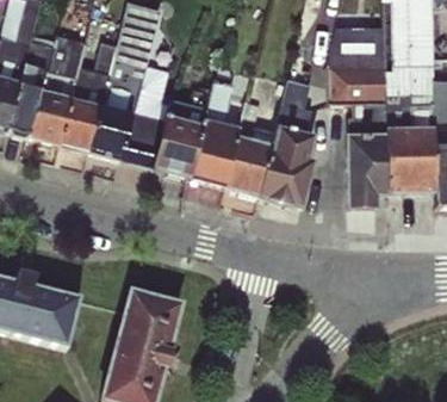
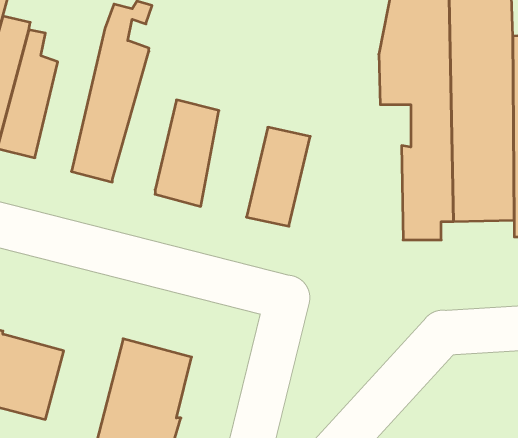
building: [60,39,114,154] -> none
building: [120,60,170,168] -> none
building: [190,76,242,190] -> none
building: [259,78,317,215] -> none

